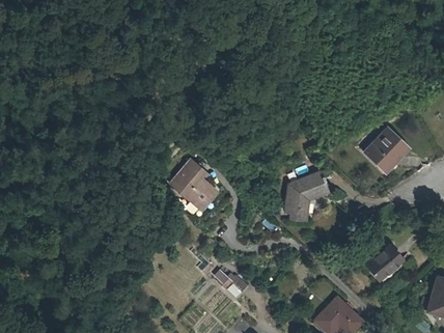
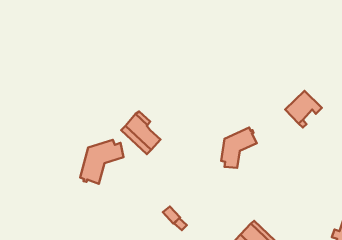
building: none -> [80,140,124,184]
building: [364,244,401,279] -> none

